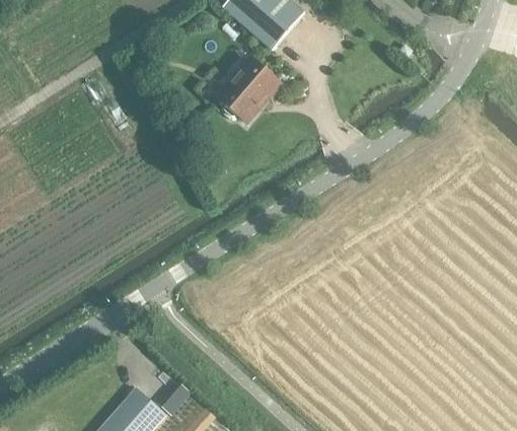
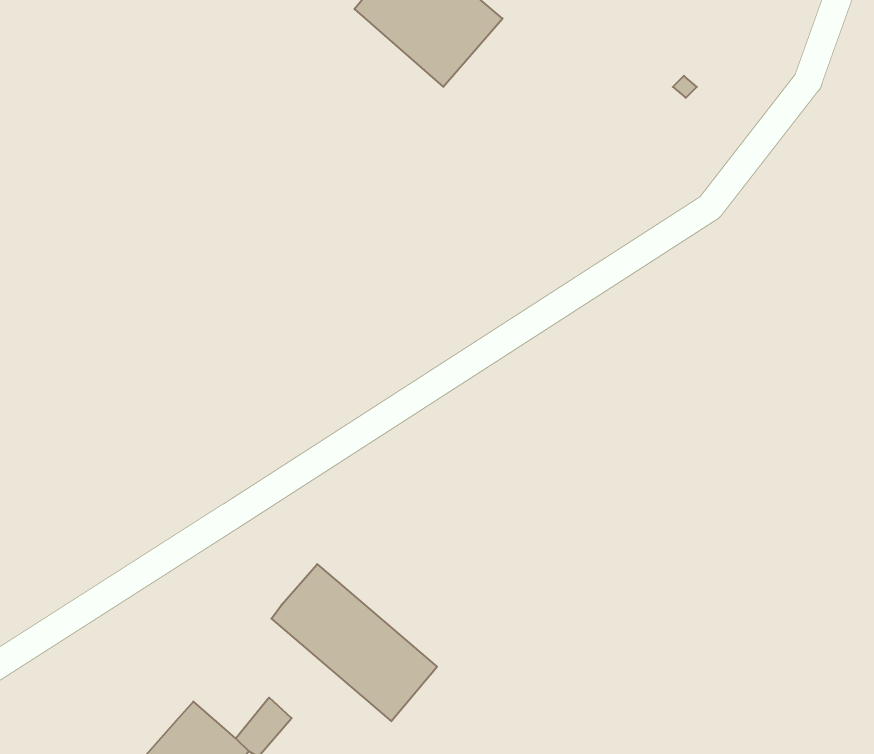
building: [219,58,280,120] -> none
building: none -> [271,564,437,721]

